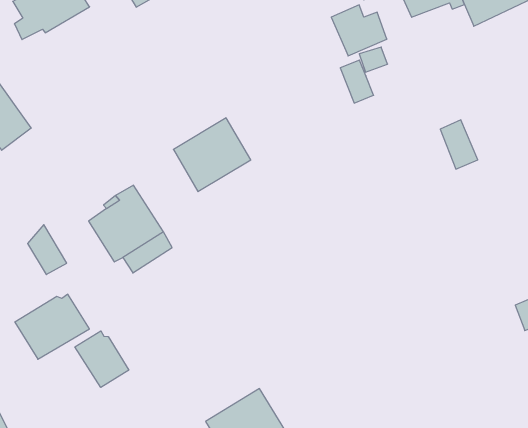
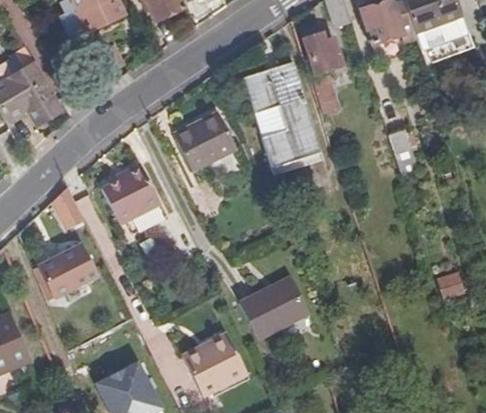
building: none -> [245,65,325,175]
building: none -> [238,278,308,339]
building: [75,331,129,387] -> none

